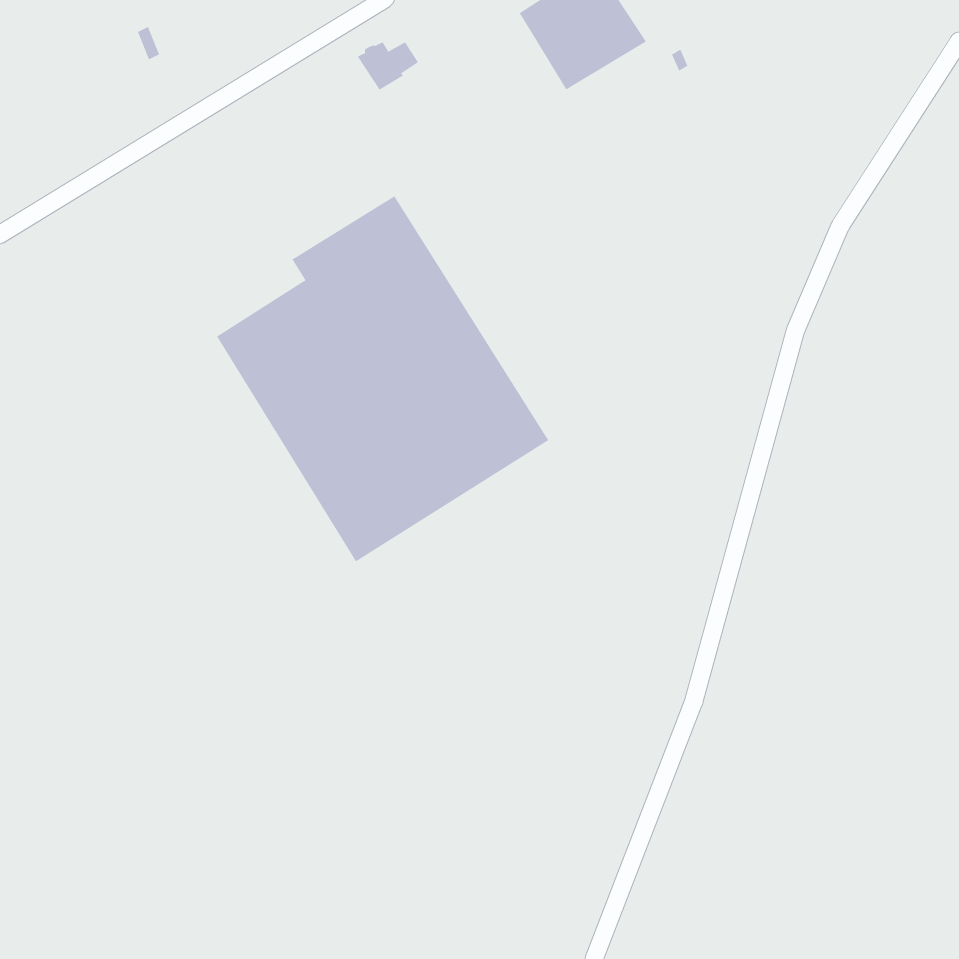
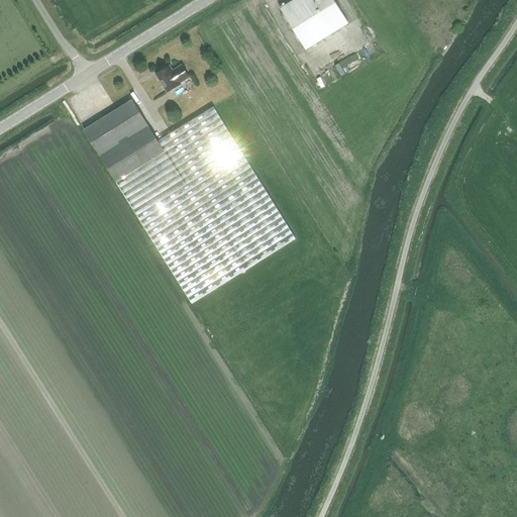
building: [357,42,419,90] -> [154,65,188,91]
building: none -> [84,99,164,181]

